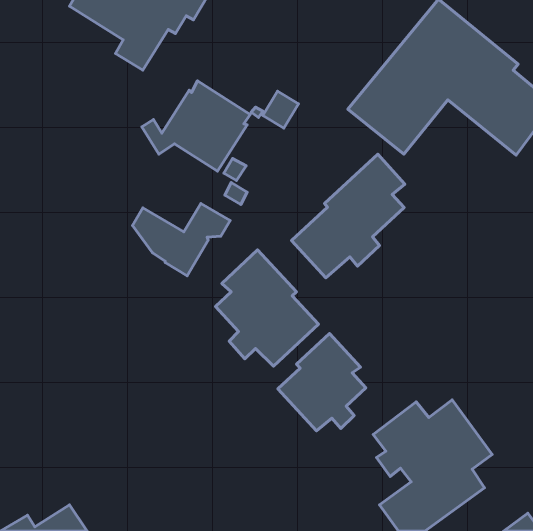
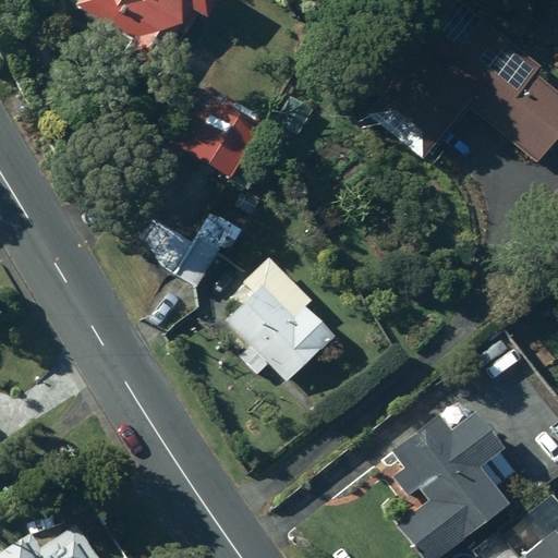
building: [291,154,405,278] -> none
building: [278,333,366,431] -> none

